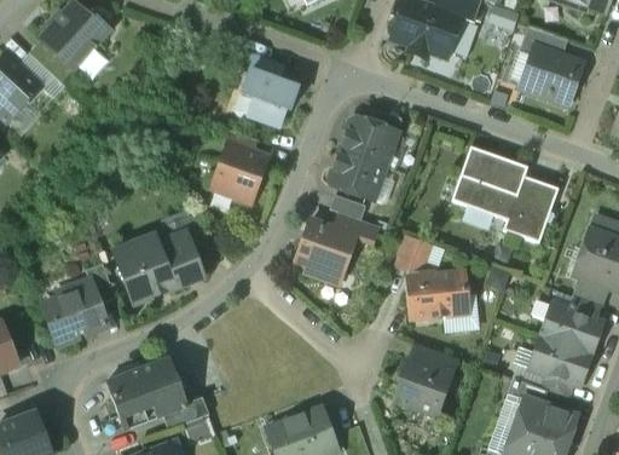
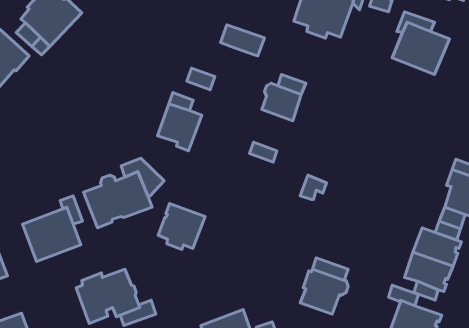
building: [242,70,299,110] -> [220,25,264,56]
building: [452,146,559,242] -> none
building: [331,151,386,198] -> none
building: [296,219,357,278] -> [158,203,205,249]
building: [409,271,468,317] -> none

